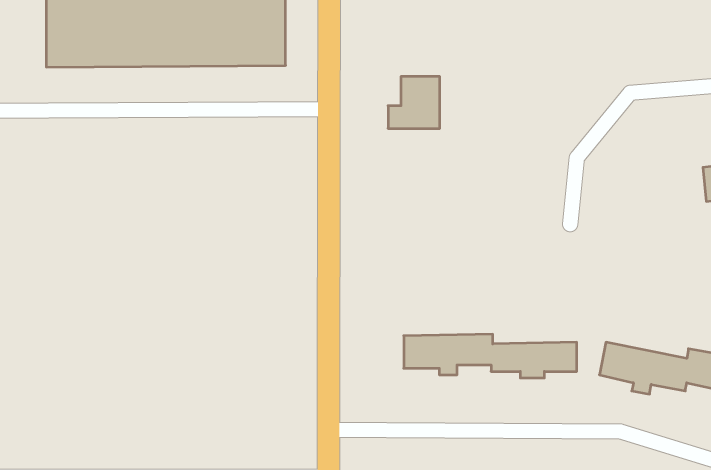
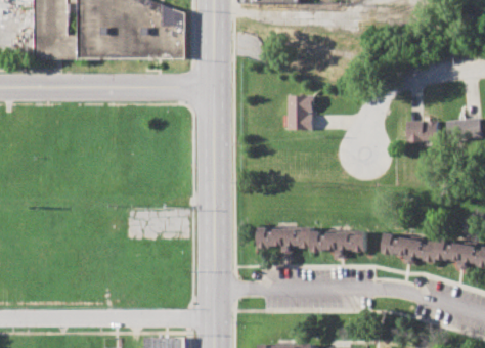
building: [388,77,440,128] -> [281,96,314,129]
building: none -> [408,120,441,155]

